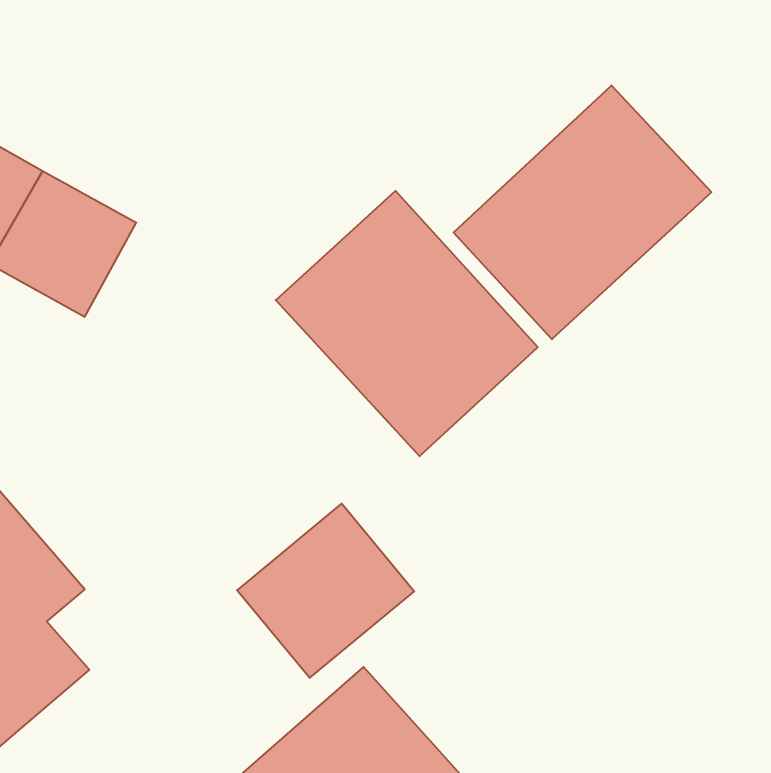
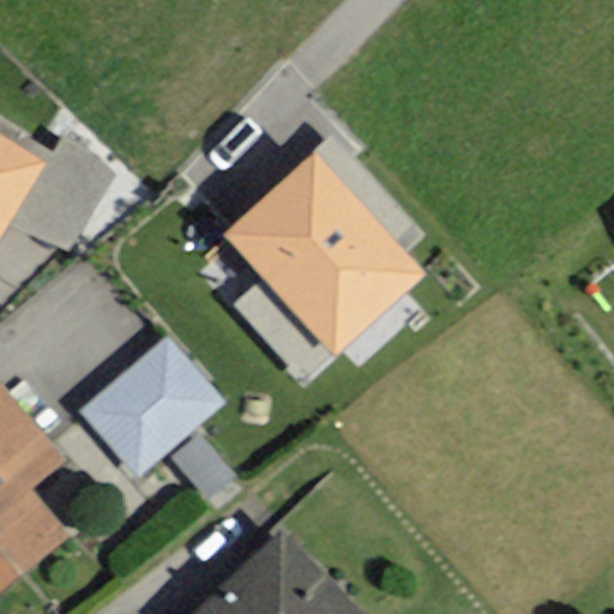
building: [454,85,711,339] -> none
building: [237,504,414,678] -> [79,335,219,472]

